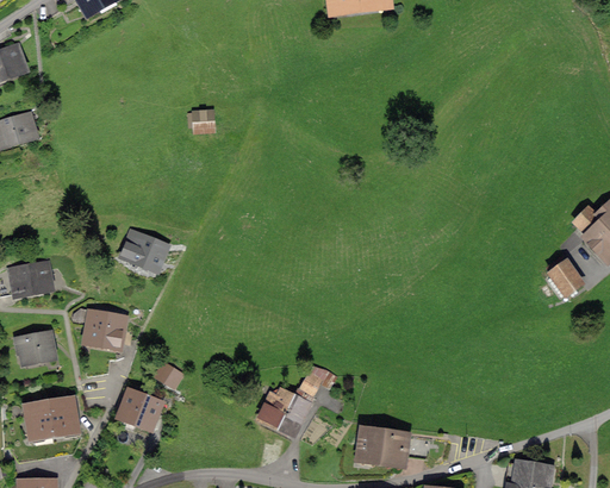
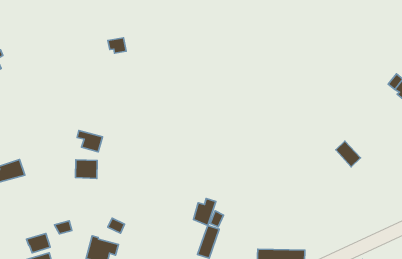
building: [548,256,581,293] -> [336,141,360,167]
building: [88,314,122,344] -> [75,160,97,179]
building: [19,334,51,359] -> [26,233,50,253]
building: [260,389,294,427] -> [193,198,216,225]

